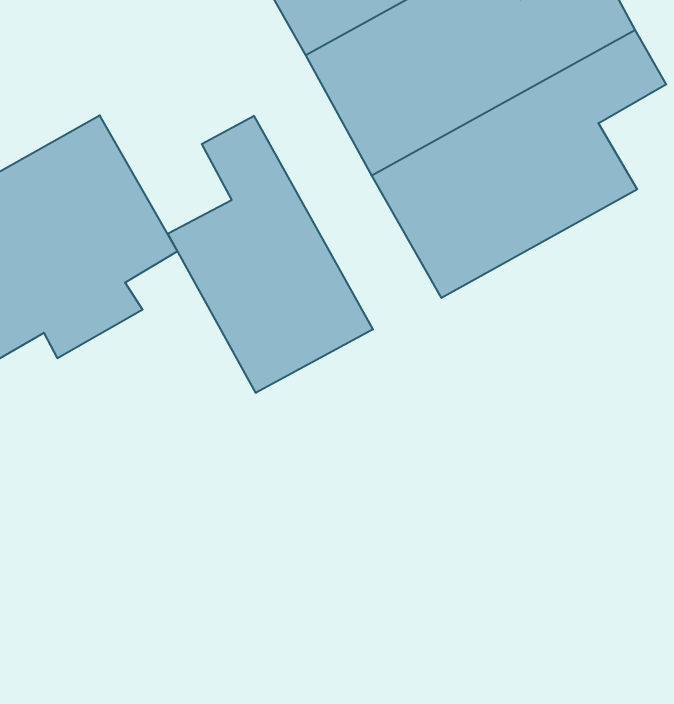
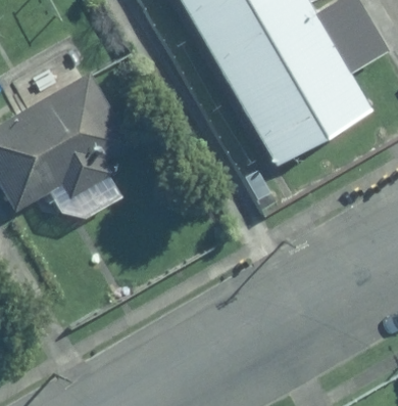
building: [168,116,373,393] -> none

